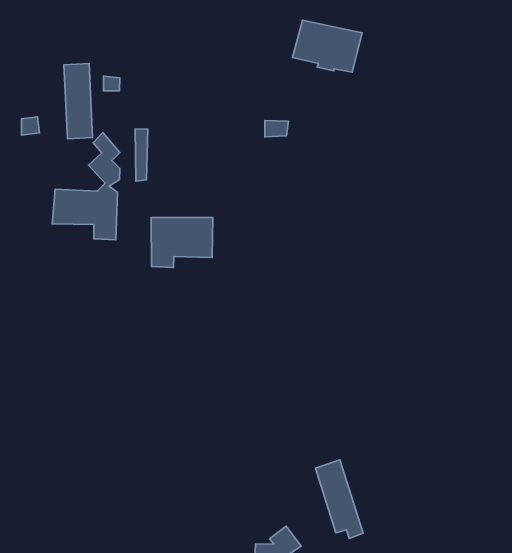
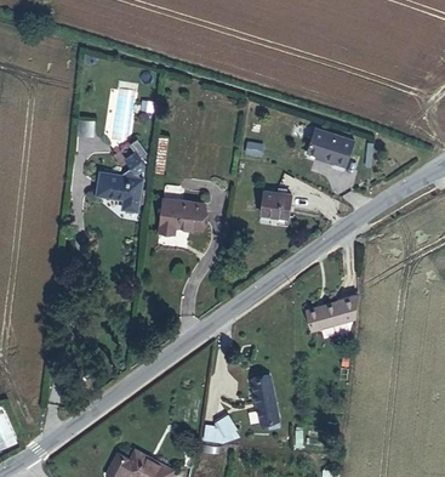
building: [292,20,362,72] -> [306,129,354,167]
building: none -> [261,192,291,217]
building: none -> [307,296,358,331]

